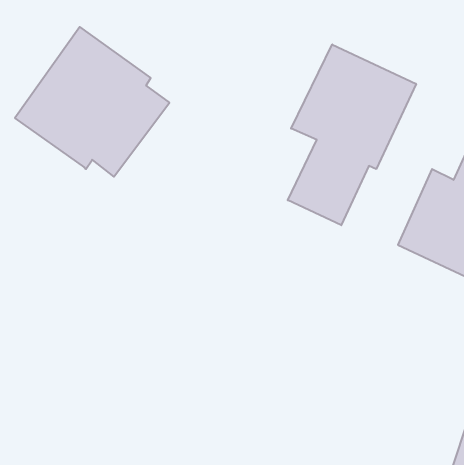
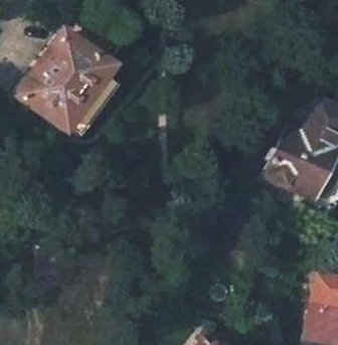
building: [288,44,416,225] -> none

